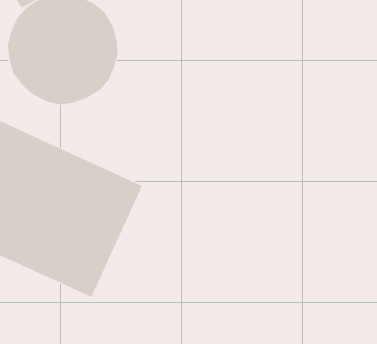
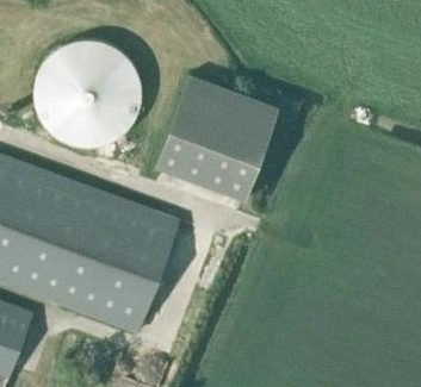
building: none -> [156,75,279,200]

